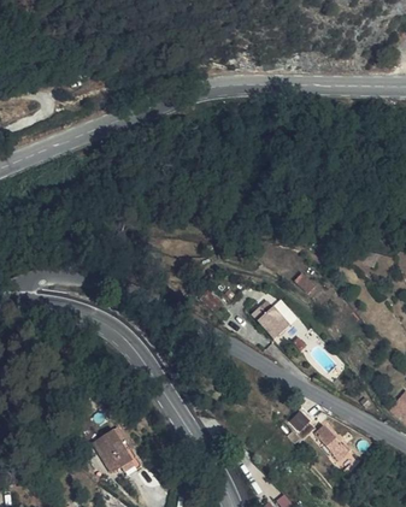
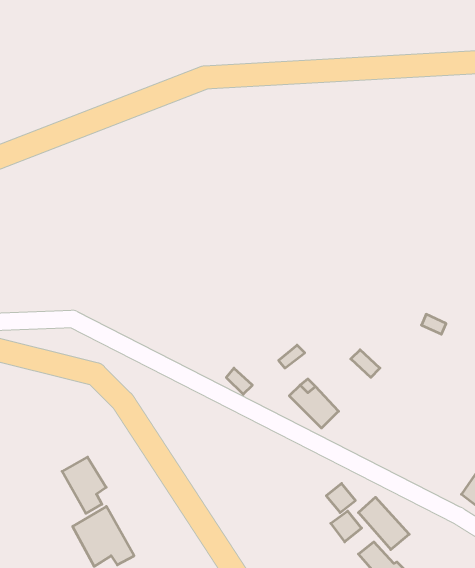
building: none -> [62,457,106,513]

